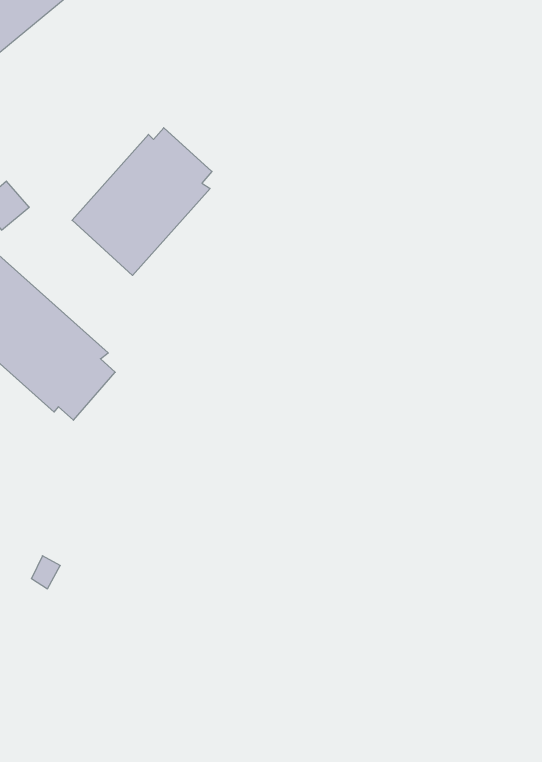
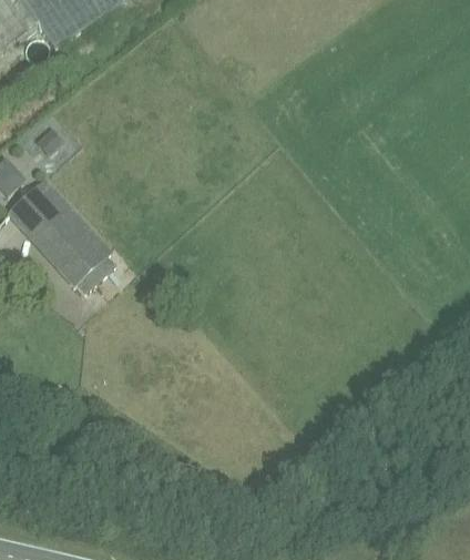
building: [72,128,212,275] -> none

